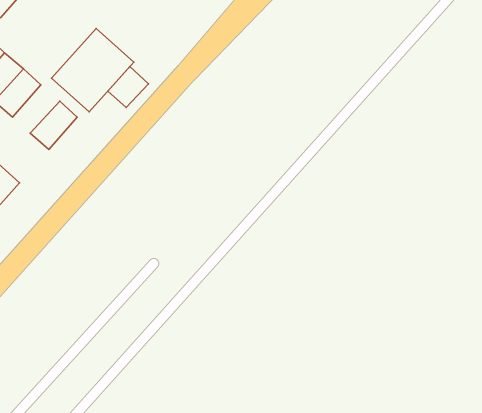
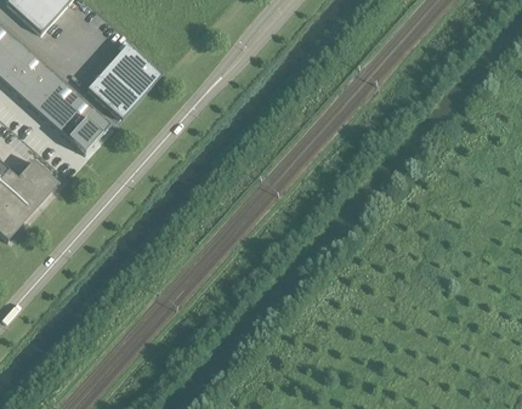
building: [108,66,149,107] -> none
building: none -> [51,93,93,137]

